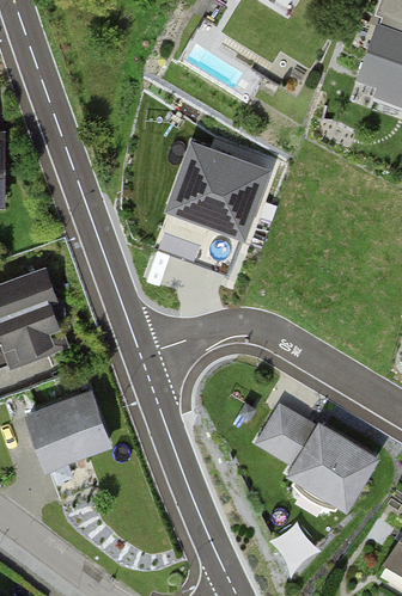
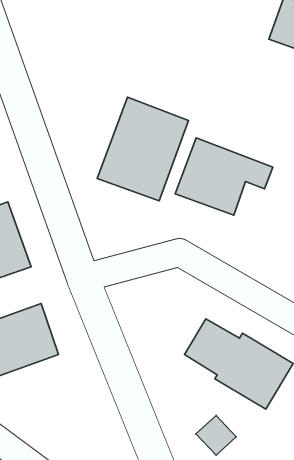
building: none -> [175,138,273,215]

